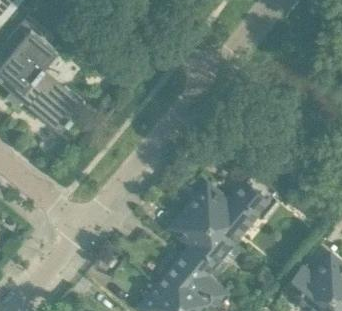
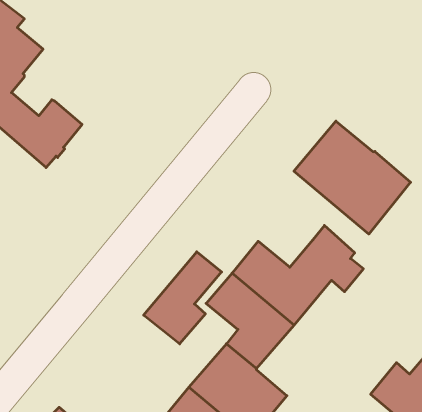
building: none -> [294,121,411,234]
building: none -> [144,252,222,344]

